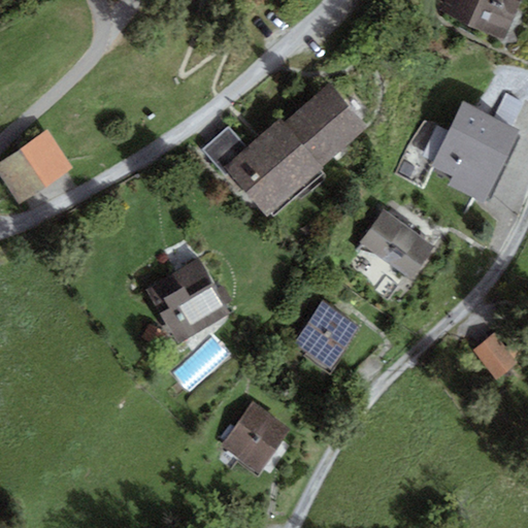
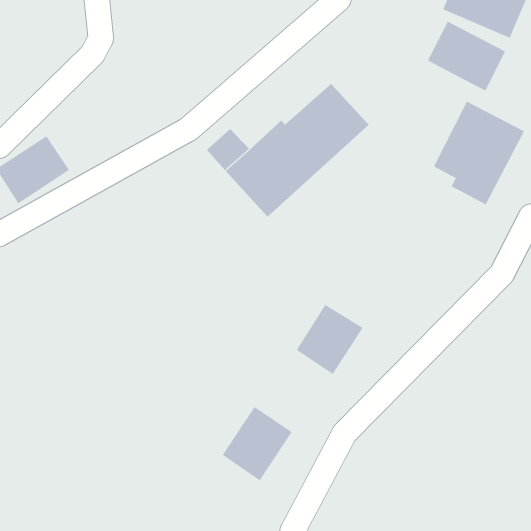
building: none -> [427,21,506,91]
building: [360,210,436,279] -> none
building: [144,260,227,344] -> none
building: [472,333,519,381] -> none

